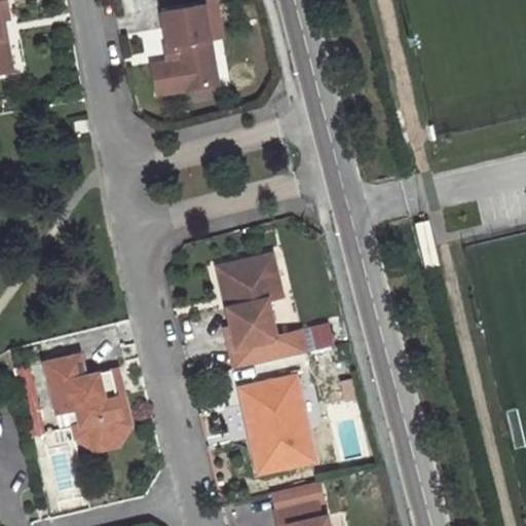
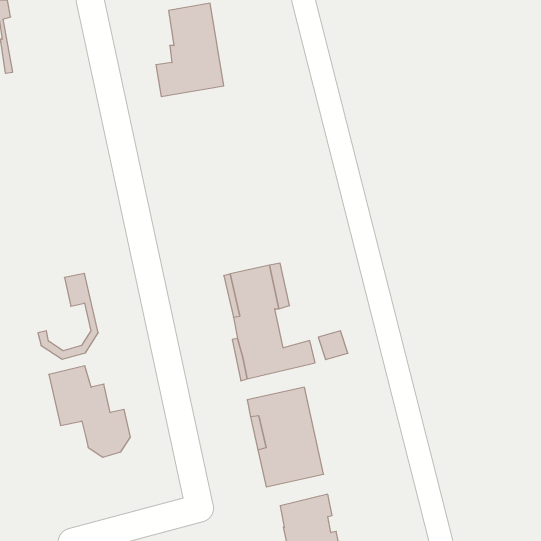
building: [75,369,134,452] -> [38,273,98,359]

